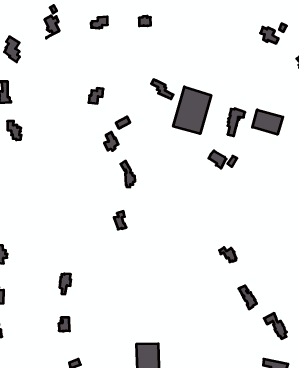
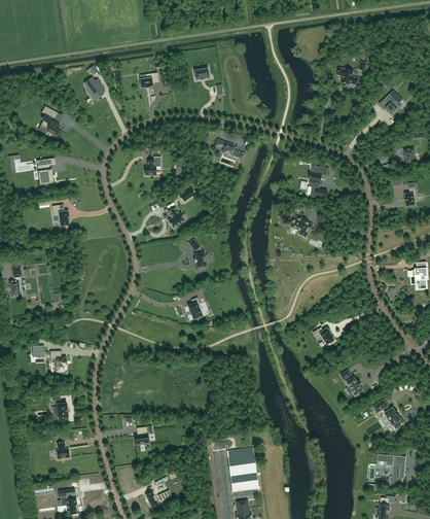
building: [173,87,211,134] -> none
building: [252,110,283,134] -> none

